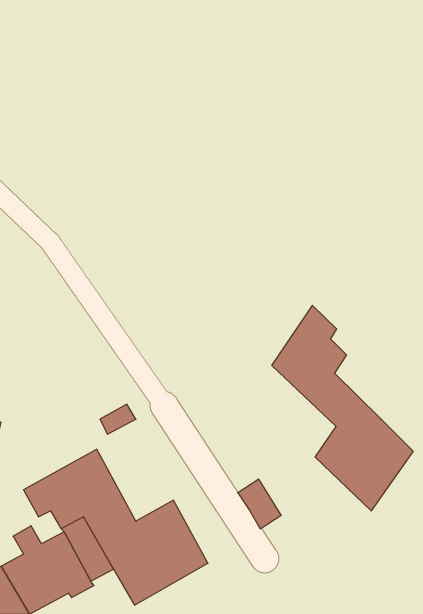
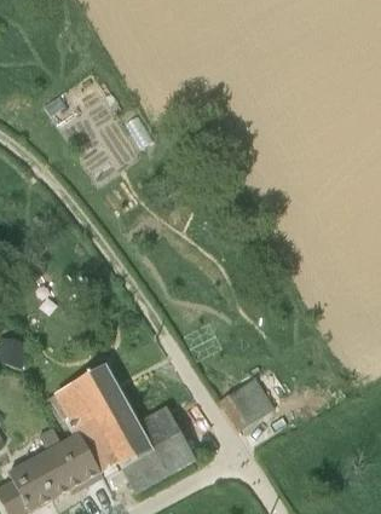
building: [272,305,413,511] -> none
building: none -> [237,379,275,420]

